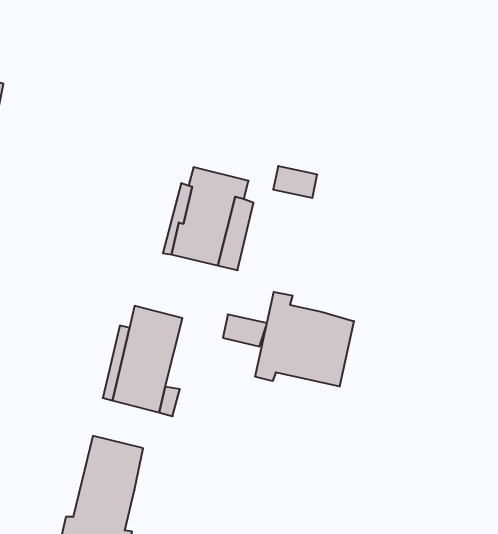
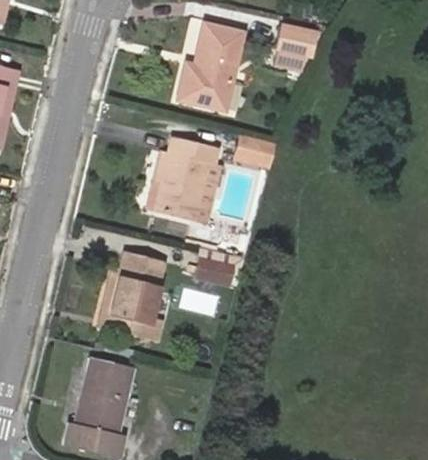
building: none -> [177,23,244,109]
building: none -> [275,25,316,67]
building: [255,292,354,387] -> none

